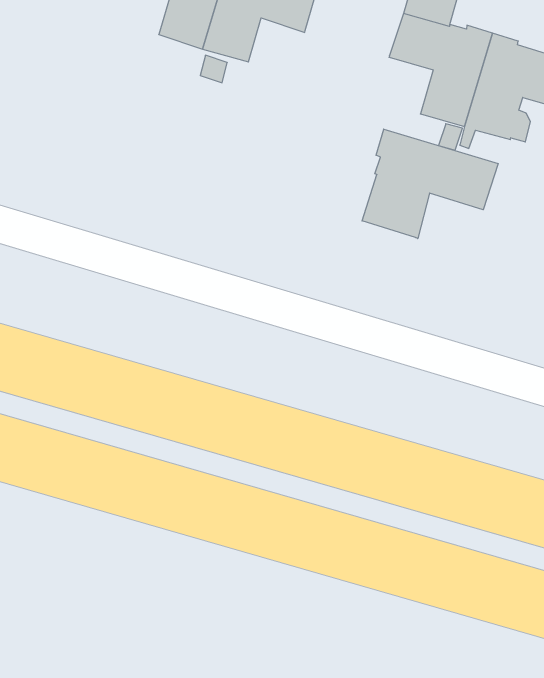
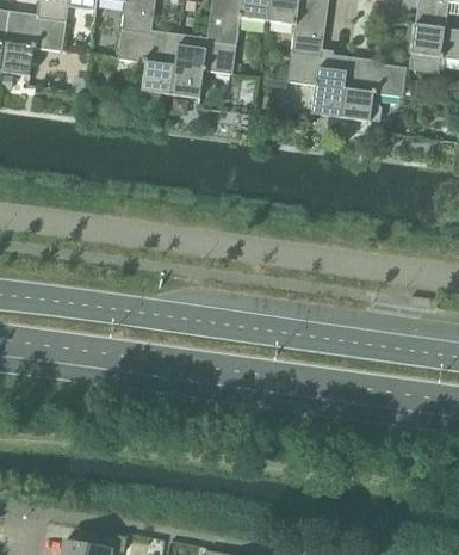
building: [362,129,498,239] -> none

